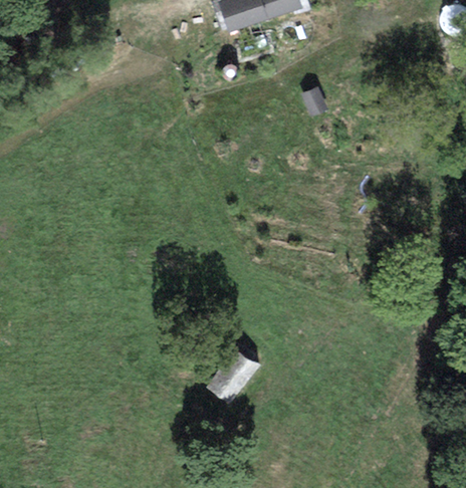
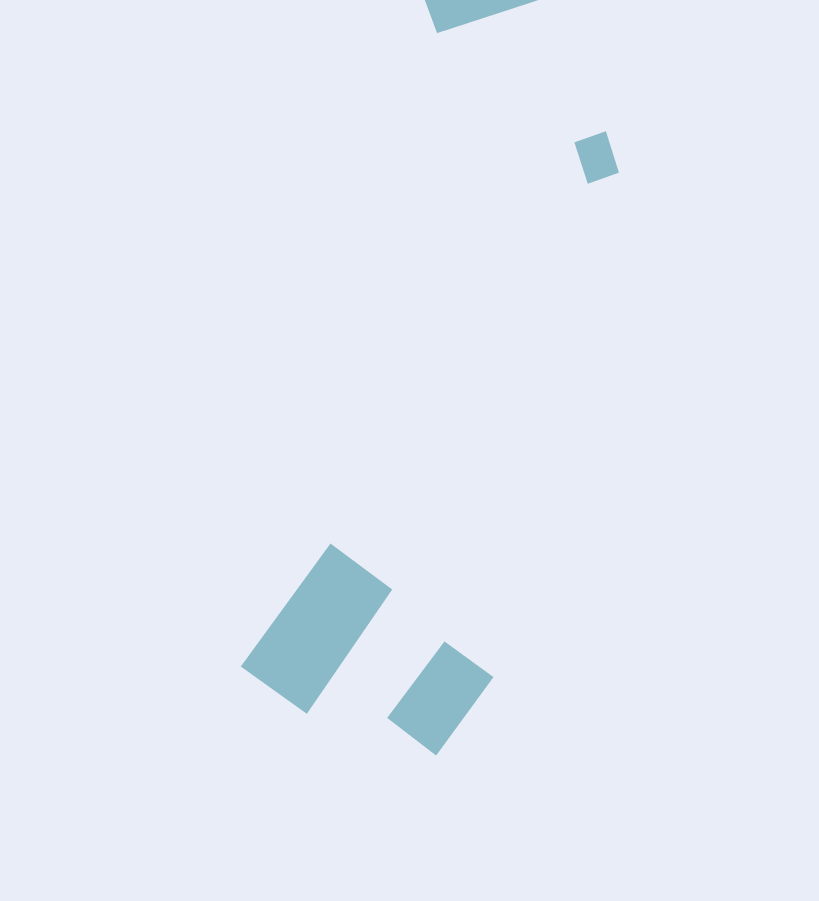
building: none -> [240,543,393,715]

